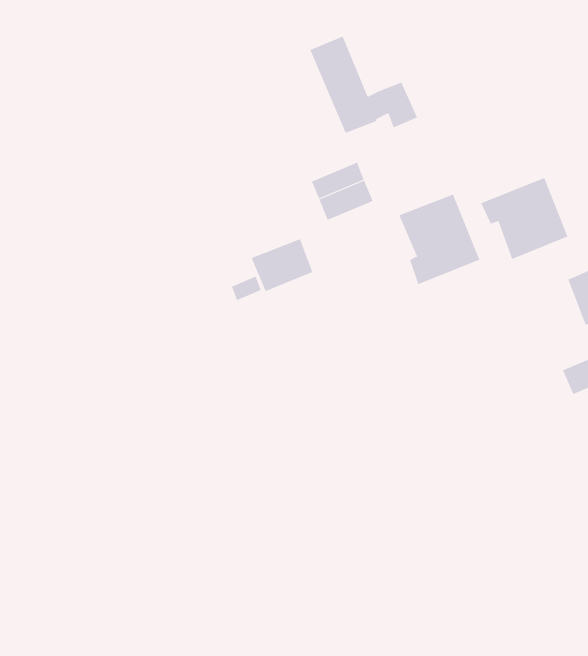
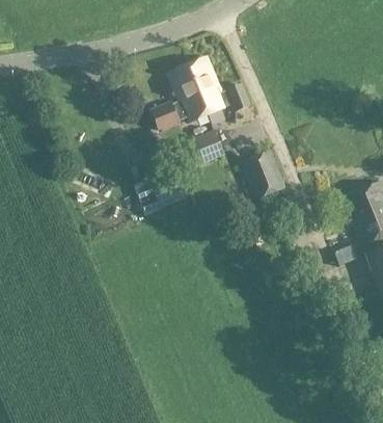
building: none -> [153,65,209,130]
building: [481,177,568,260] -> none

